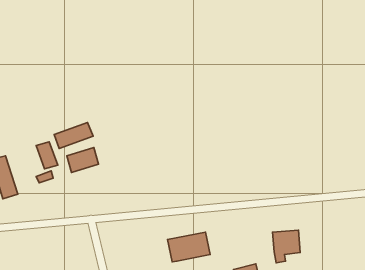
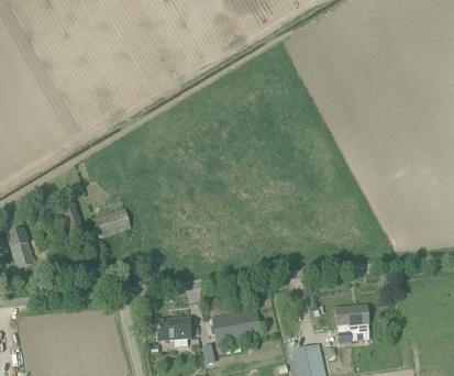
building: [54,123,93,148] -> none
building: none -> [157,317,191,340]

